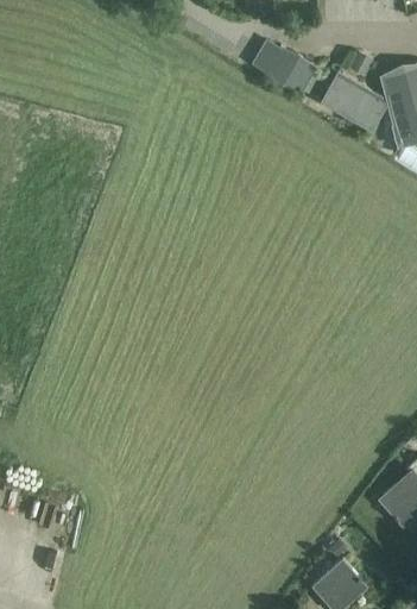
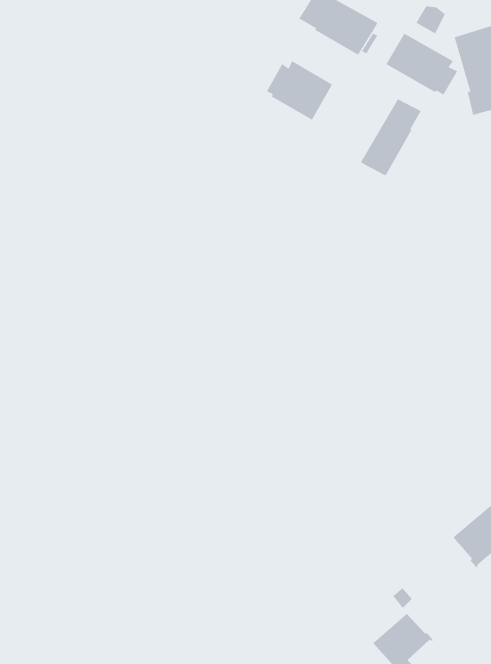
building: none -> [266,60,333,121]
building: none -> [360,99,421,176]

